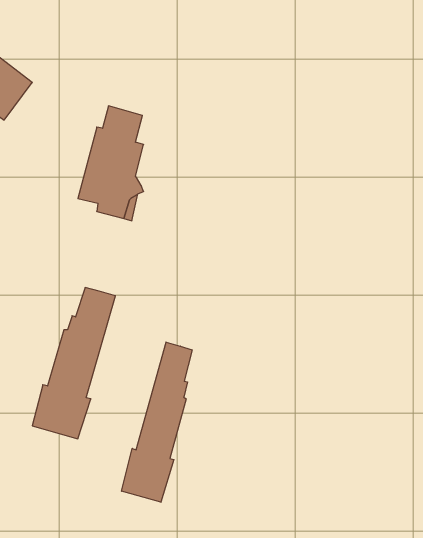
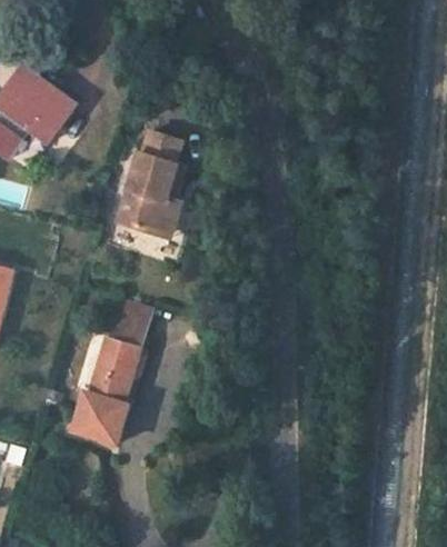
building: [122,342,192,502] -> none

